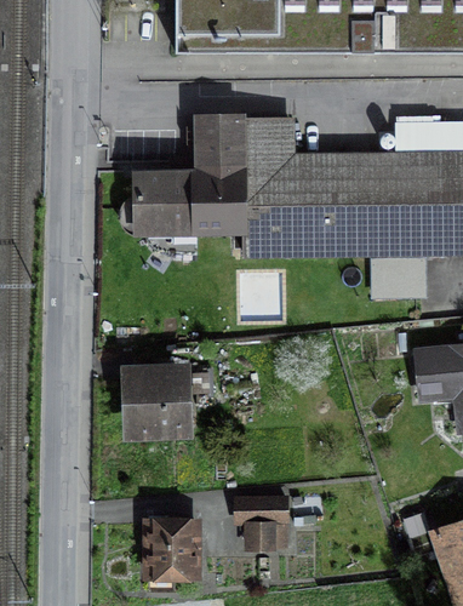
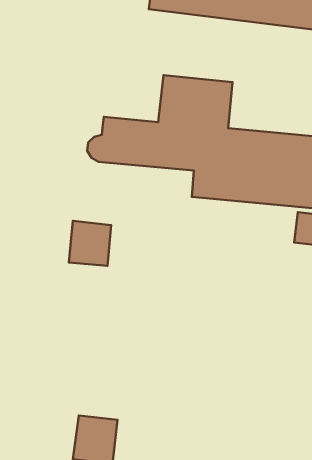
building: [135,377,181,425] -> [69,221,111,266]
building: [235,497,284,547] -> none

